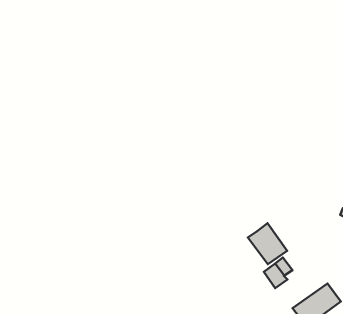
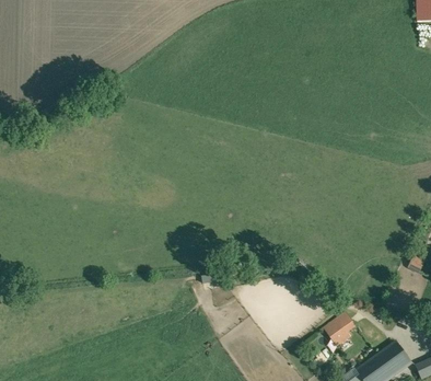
building: [248,223,287,264] -> none

